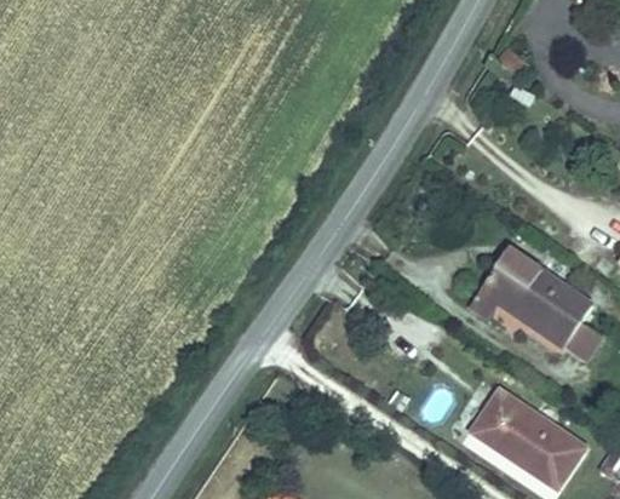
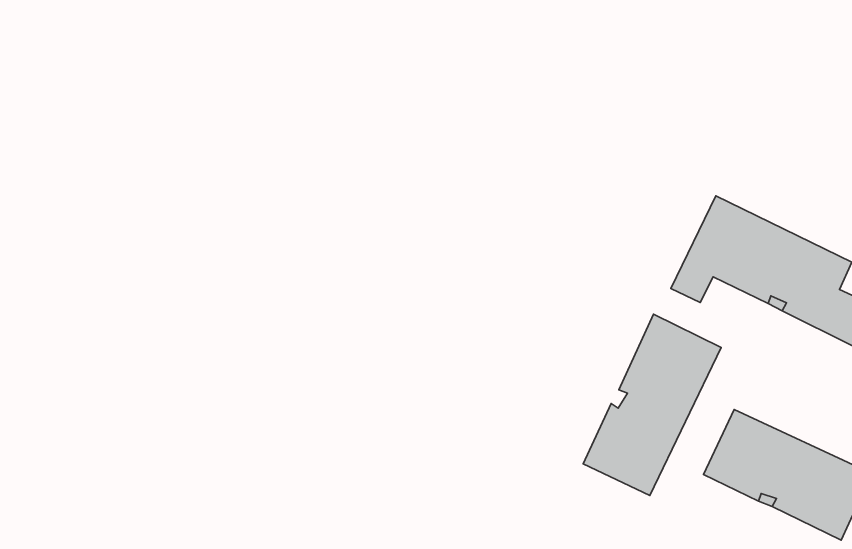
building: none -> [583,314,721,495]

